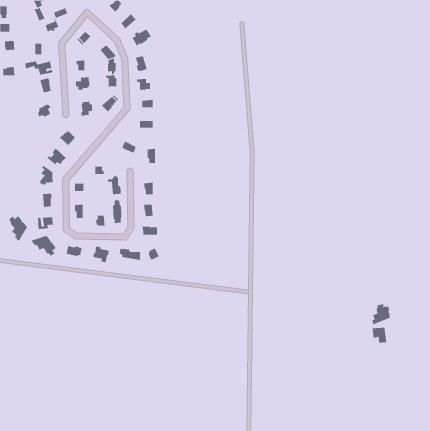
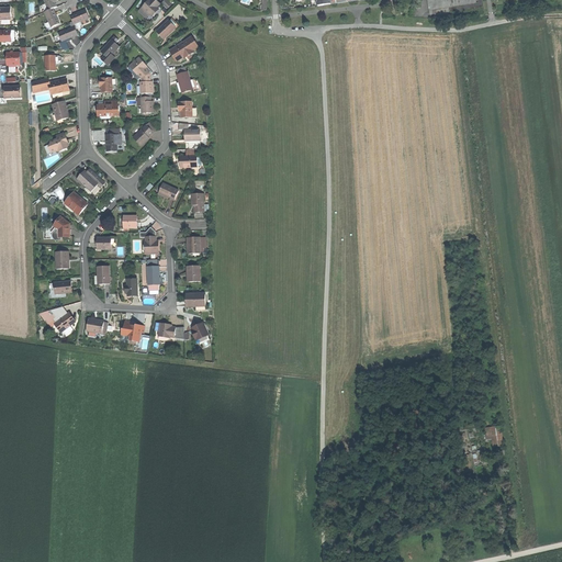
building: [9,215,28,242] -> none
building: [372,303,390,325] -> none

